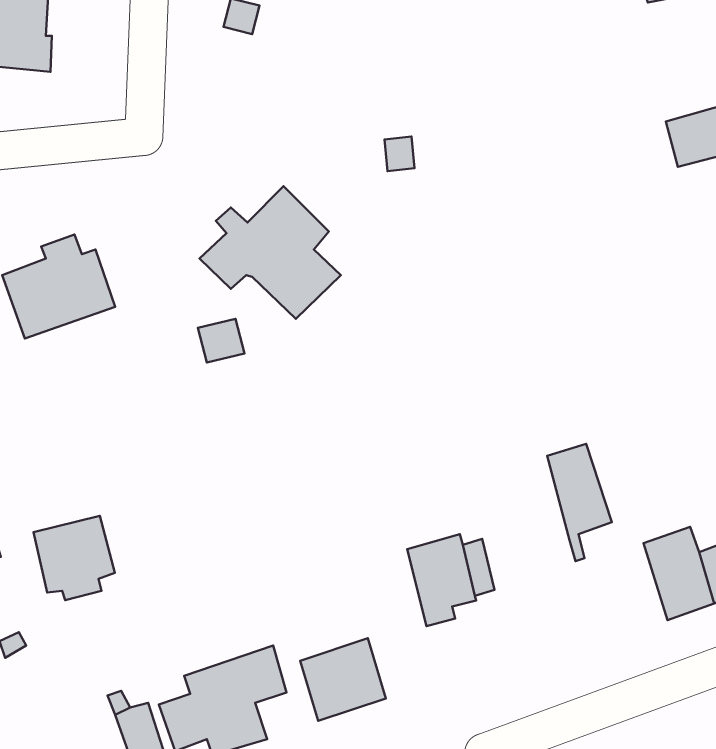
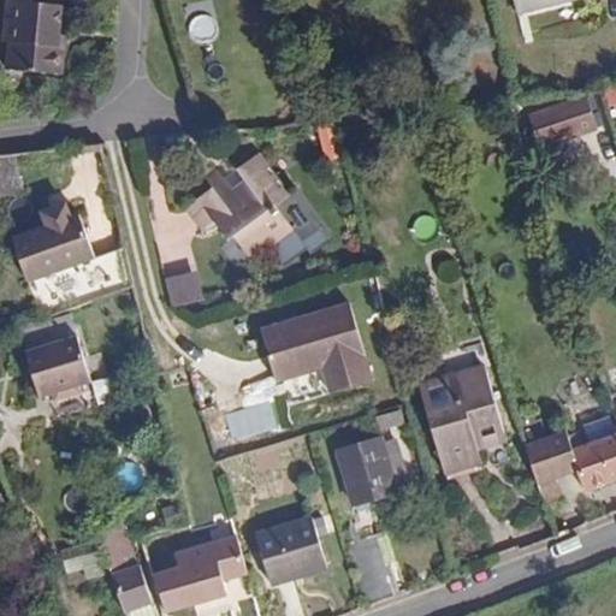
building: none -> [262,304,373,395]
building: none -> [422,374,473,469]
building: [34,516,115,600] -> [29,333,94,401]

